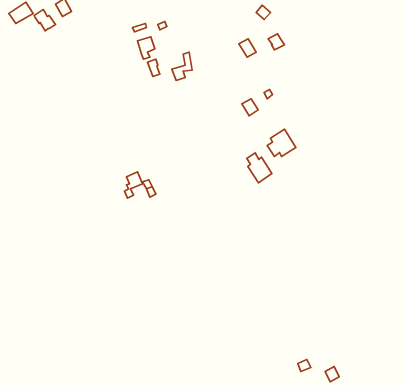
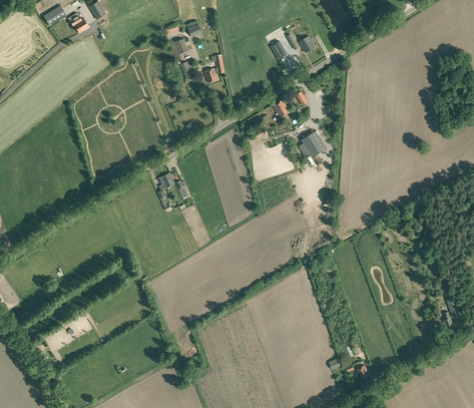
building: [247,153,272,183] -> none

